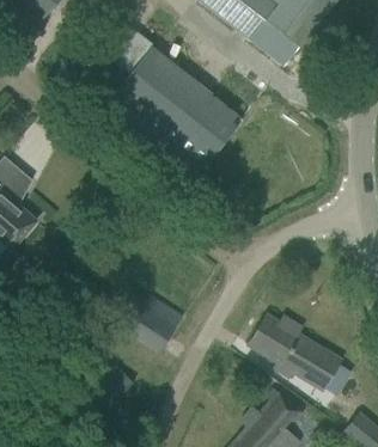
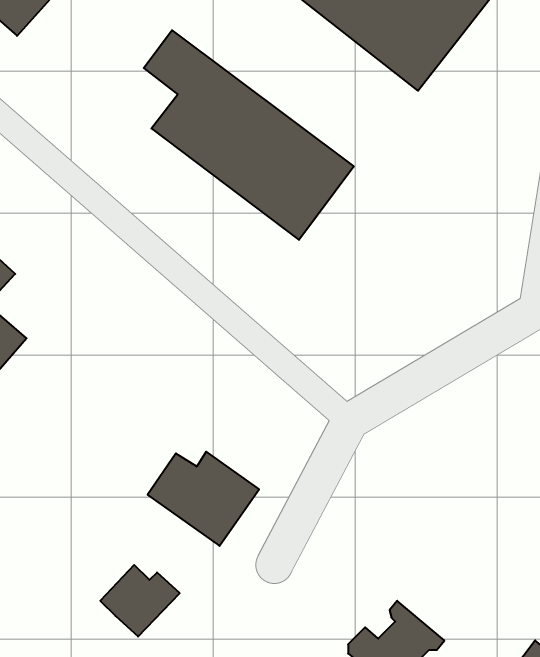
building: [249,314,341,388] -> none

